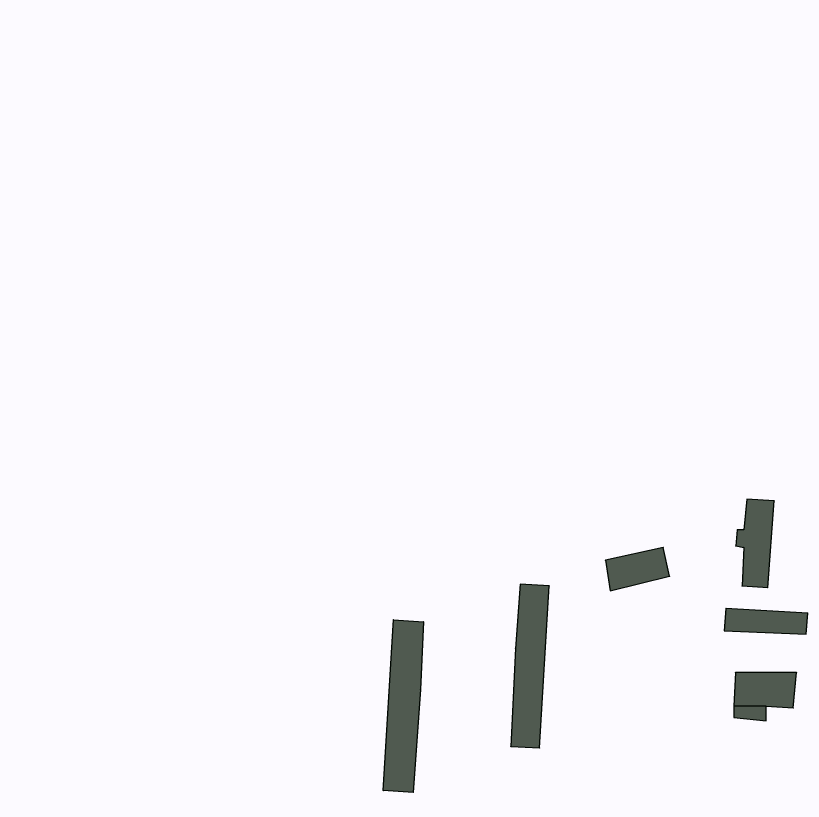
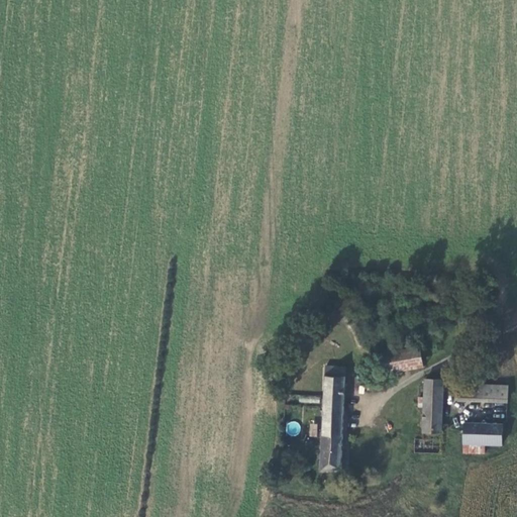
building: [736,499,774,588] -> [418,376,442,431]
building: [383,620,423,792] -> none

